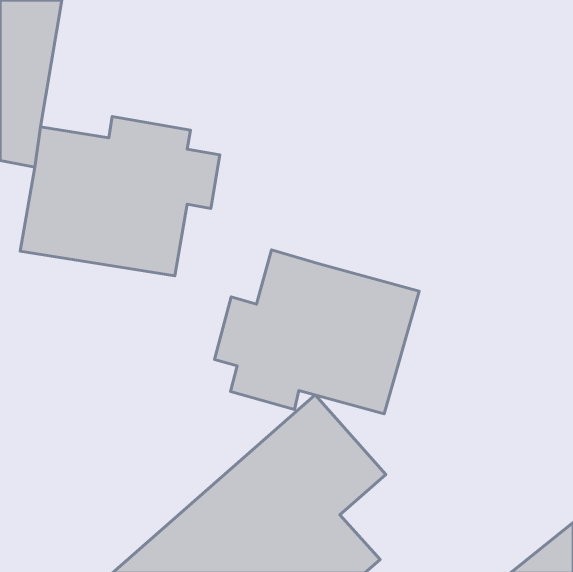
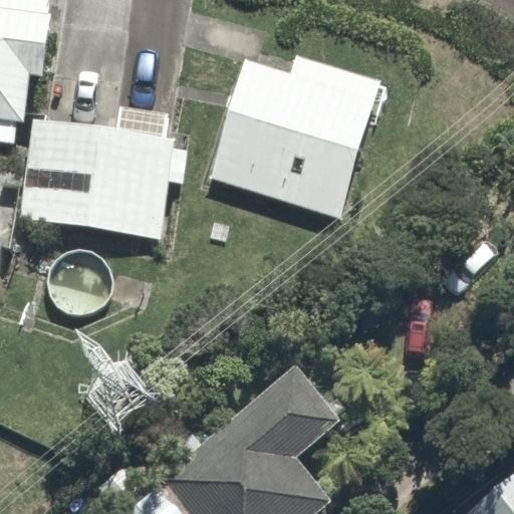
building: none -> [206,55,373,219]
building: [215,250,419,414] -> none

